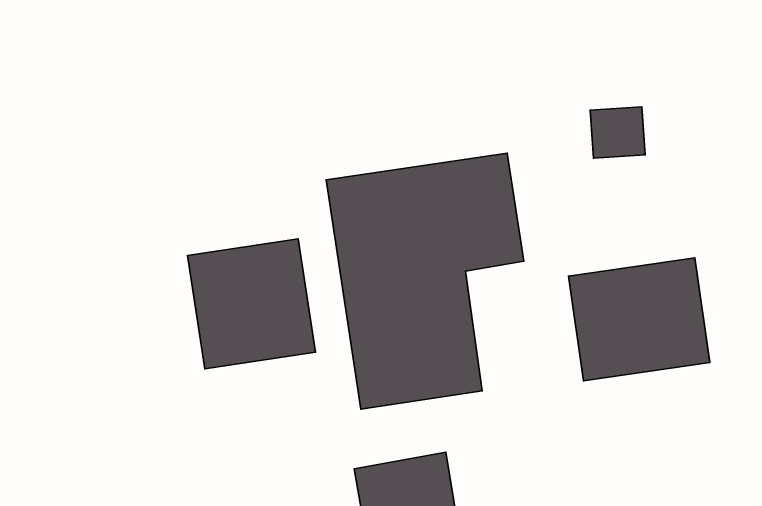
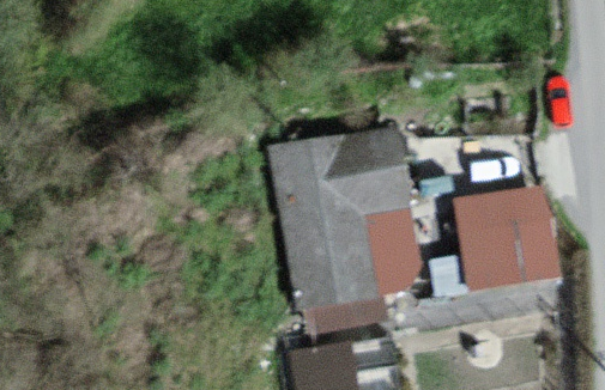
building: [188,239,315,369] -> none

